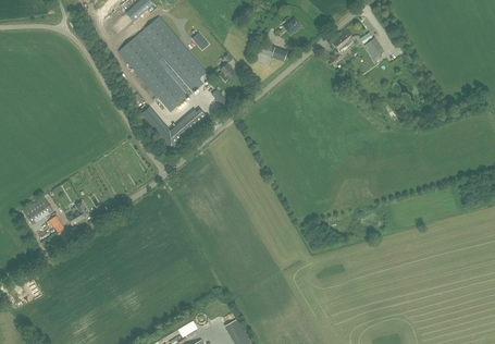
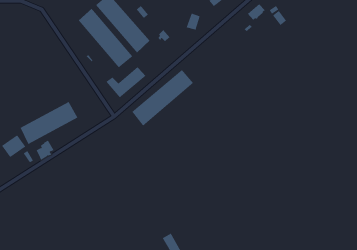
building: none -> [131,69,194,127]
building: none -> [20,101,78,145]

